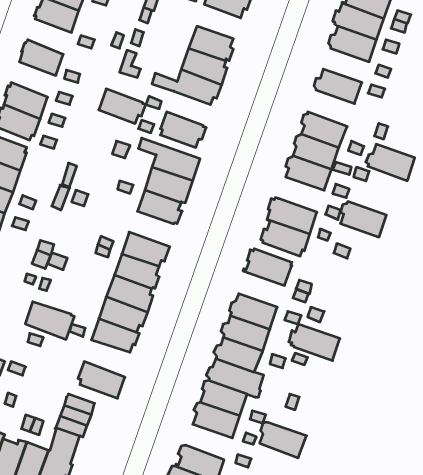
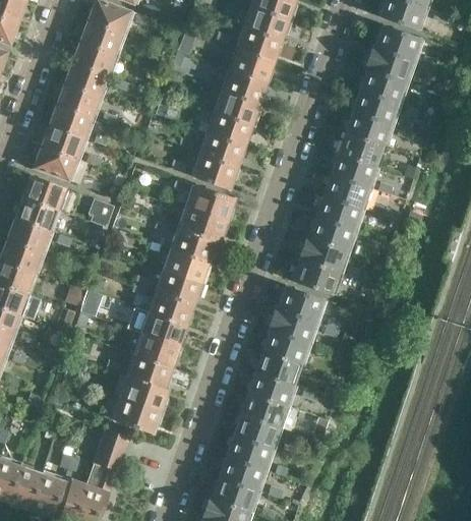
building: none -> [230,48,273,81]
building: none -> [64,62,108,97]
building: none -> [351,91,398,124]
building: none -> [49,104,93,138]
building: [99,89,146,123] -> [200,132,246,166]
building: [366,144,415,181] -> [336,131,384,167]
building: [340,202,386,237] -> [309,216,354,250]
building: none -> [164,249,209,284]
building: [25,302,74,339] -> [120,374,168,411]
building: [289,324,340,361] -> [266,307,315,343]
building: [260,422,307,458] -> [219,457,264,491]

